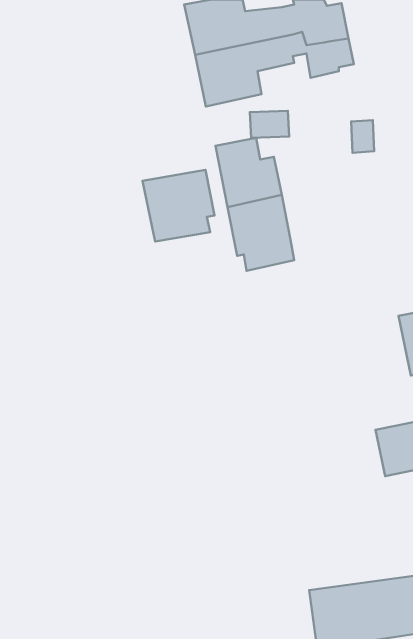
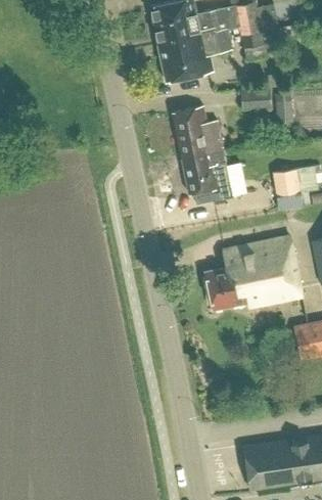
building: [250,111,289,138] -> [240,90,270,110]
building: [142,170,215,242] -> none
building: none -> [272,167,317,197]
building: none -> [204,237,302,310]

